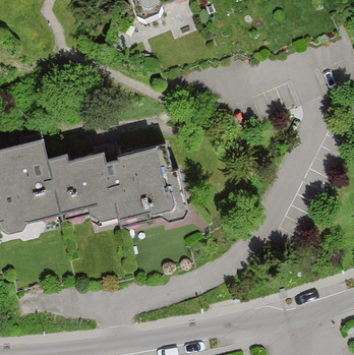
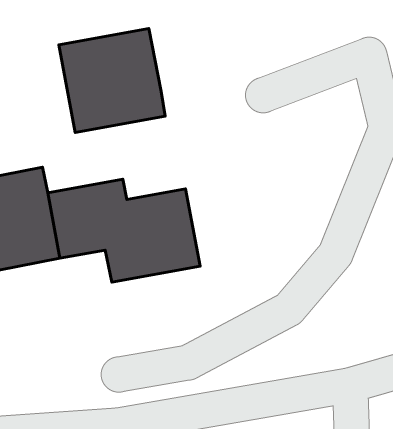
building: none -> [59,28,165,133]

